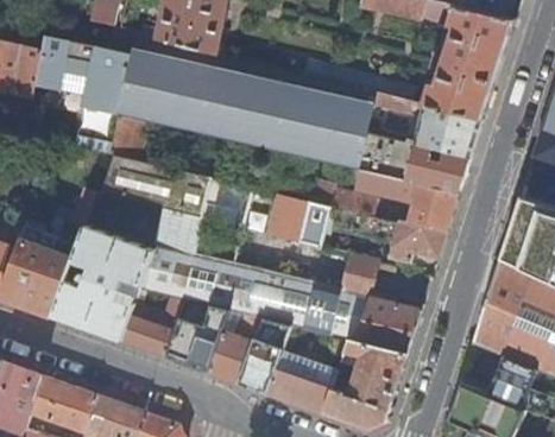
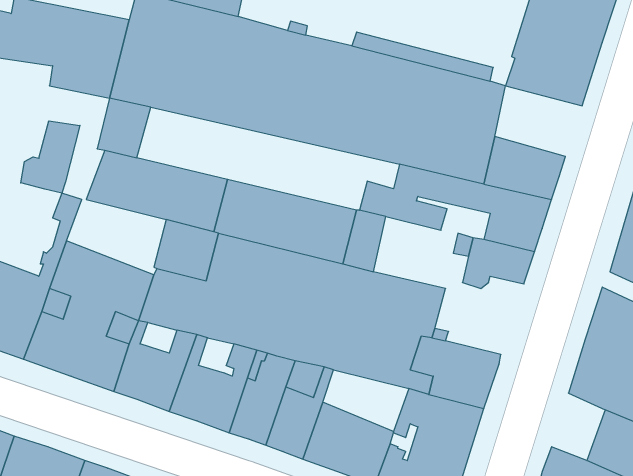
building: [415,106,483,160] -> none
building: none -> [21,121,80,193]

